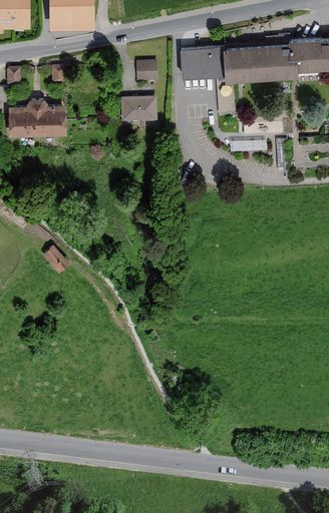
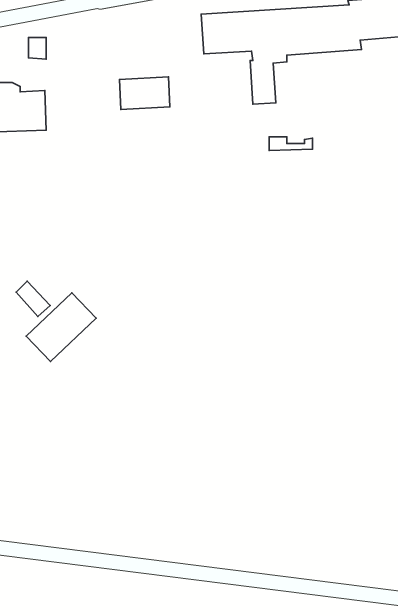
building: [133,62,156,82] -> none
building: none -> [26,293,96,361]

